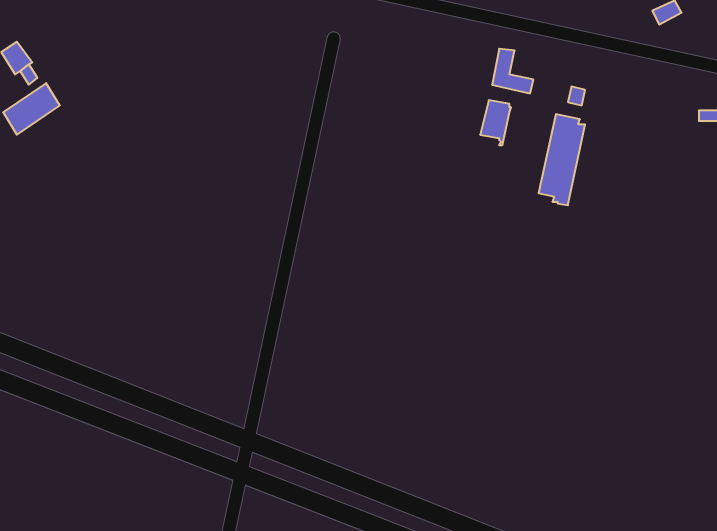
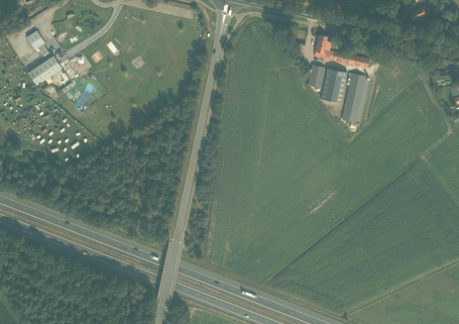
building: none -> [320,68,346,102]

